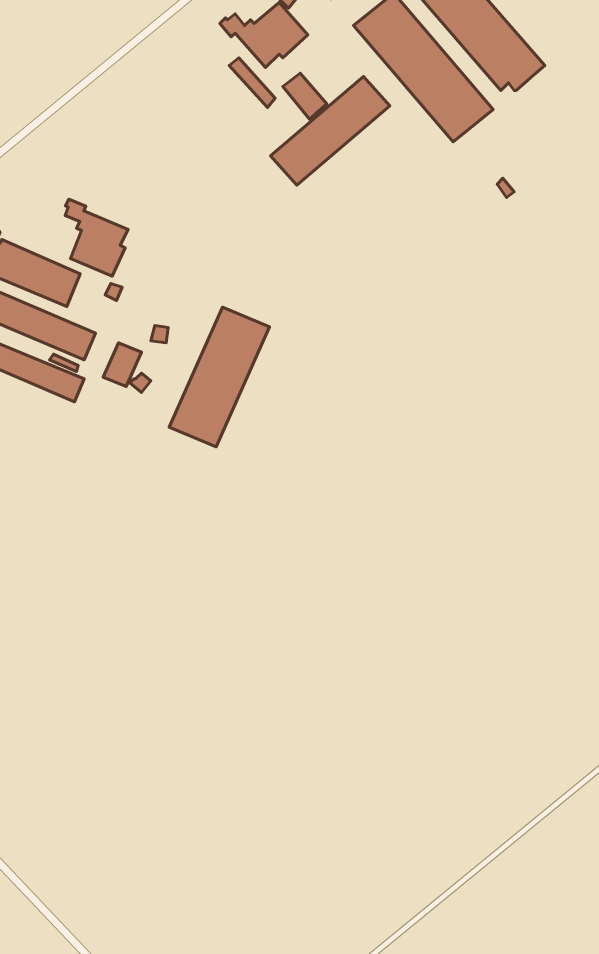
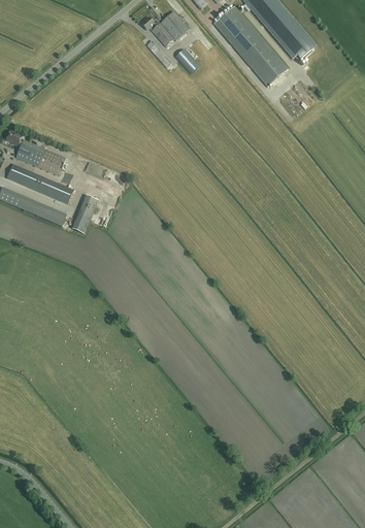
building: [270,76,390,185] -> none
building: [65,199,128,276] -> none
building: [169,307,269,447] -> none

